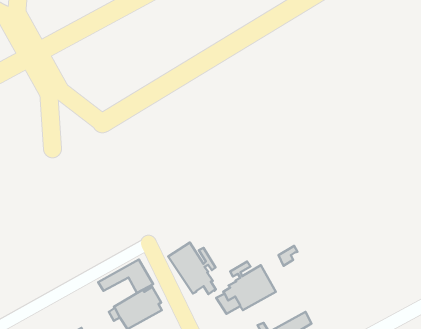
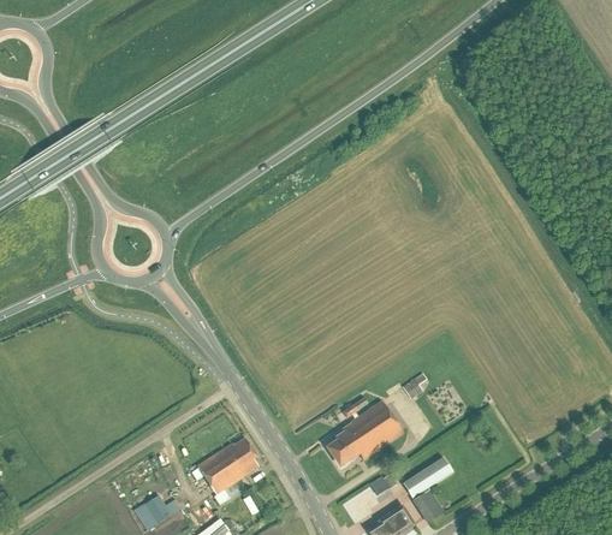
building: [168,243,216,294] -> none
building: [98,259,153,293] -> none

